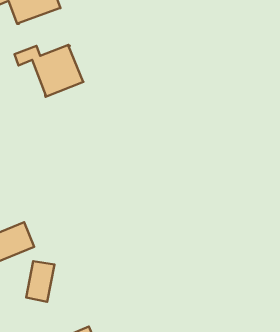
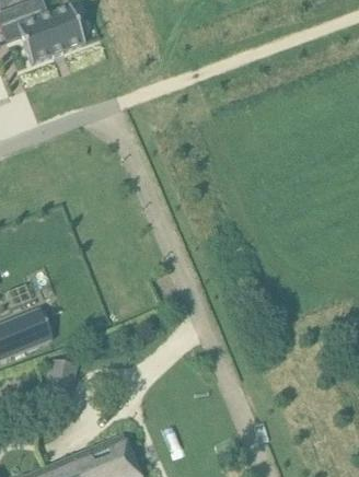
building: [14,45,84,97] -> none

